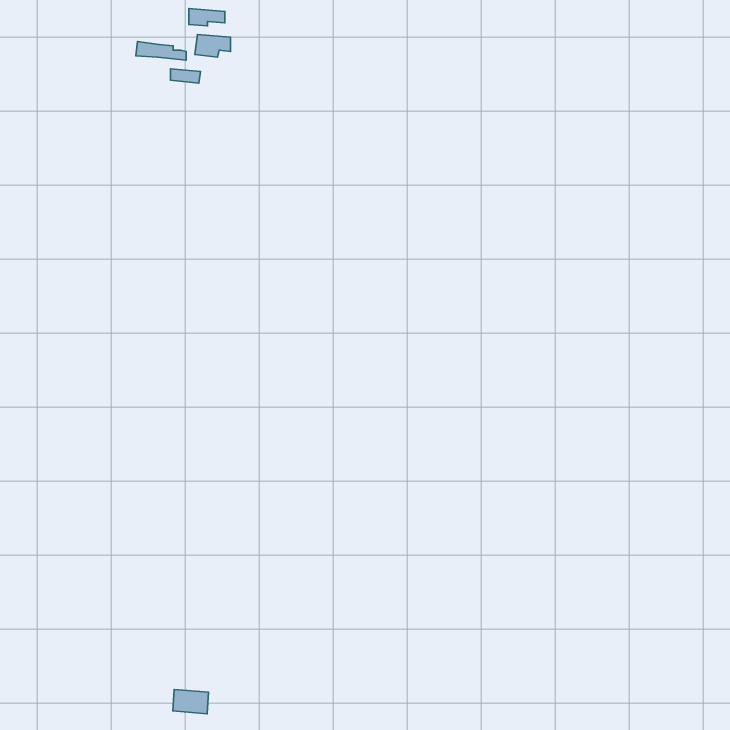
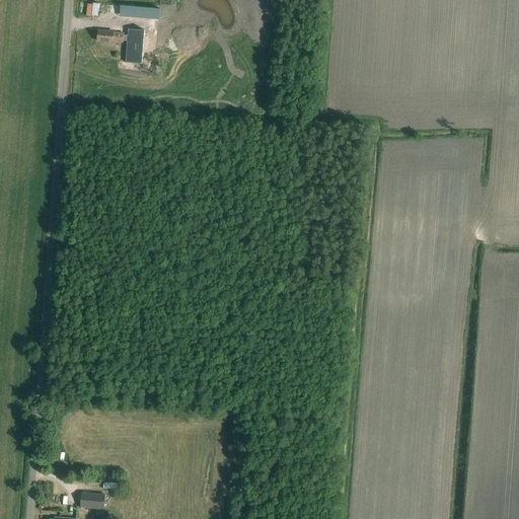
building: [173,689,209,714] -> [79,493,104,510]

